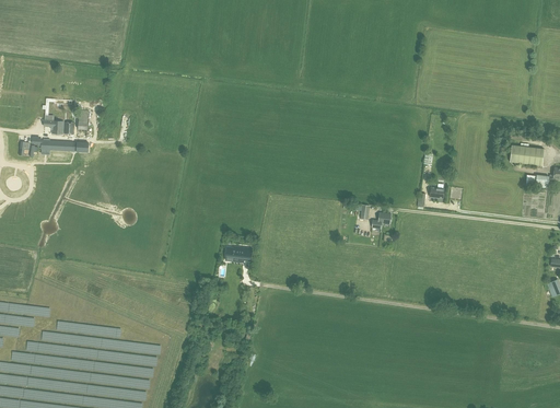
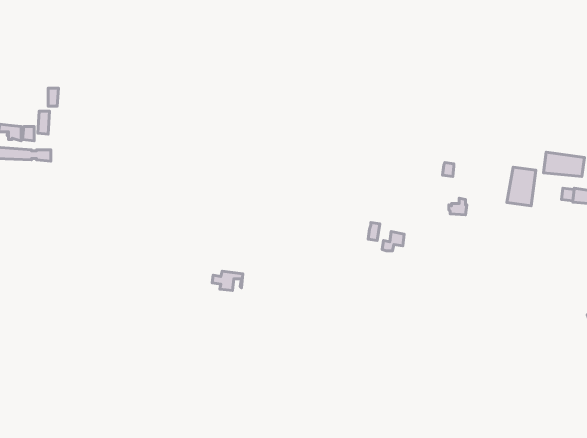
building: none -> [507,167,536,206]

